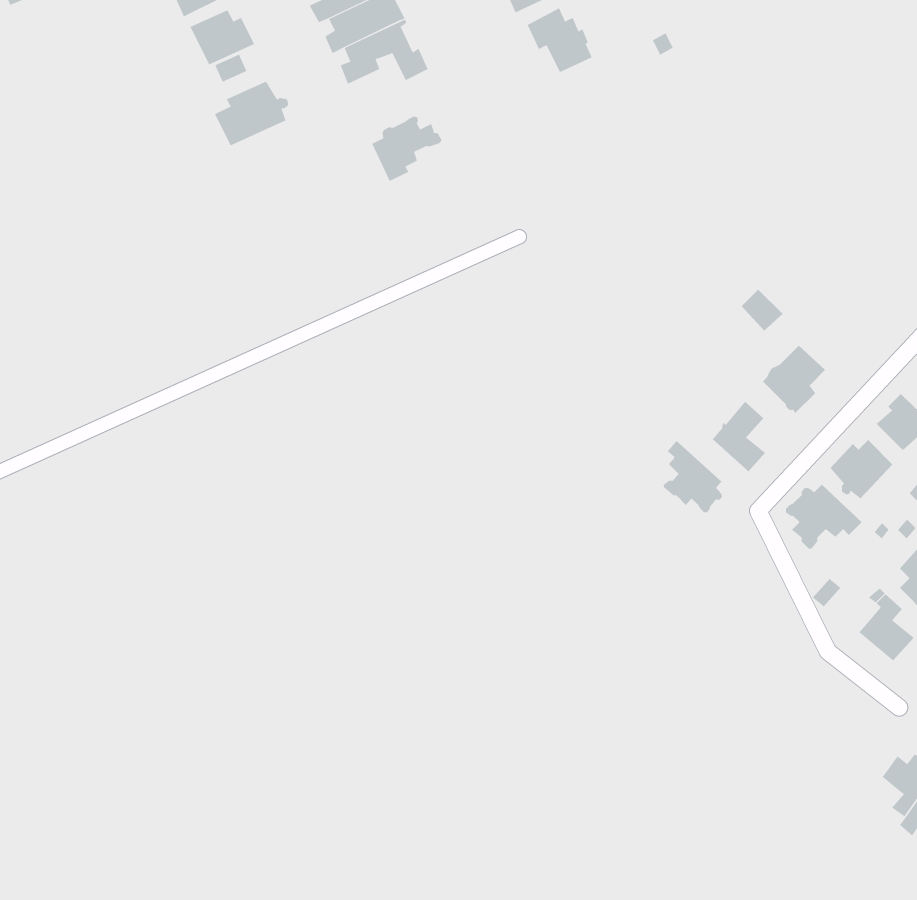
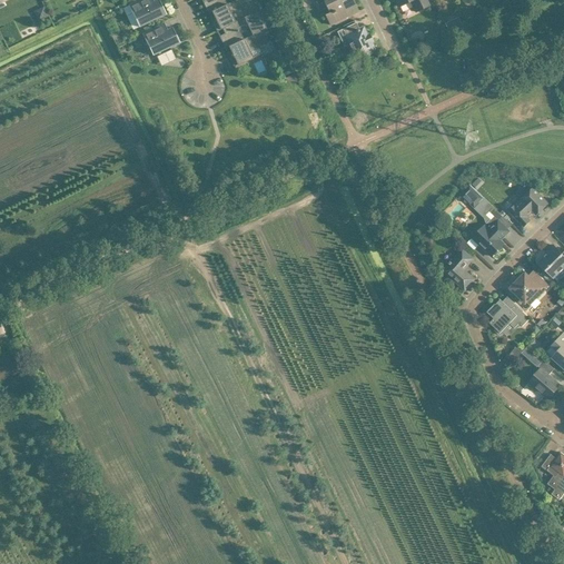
building: [214,81,288,146] -> none
building: [371,116,442,182] -> none
building: none -> [508,187,547,226]
building: [663,440,723,513] -> none

